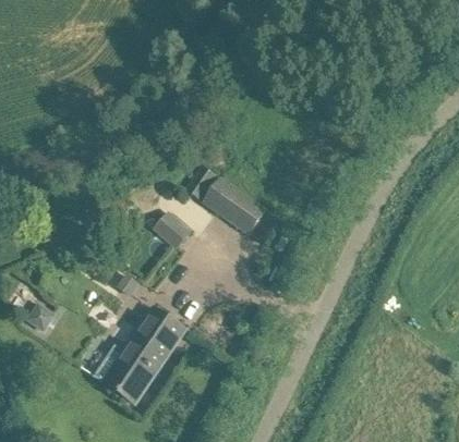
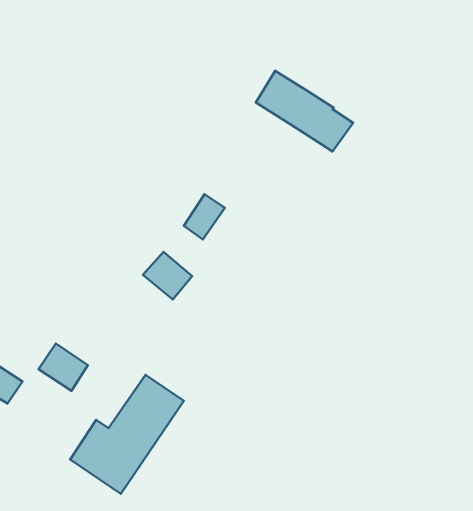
building: [203,179,280,243] -> [256,71,353,152]
building: none -> [38,343,88,391]

